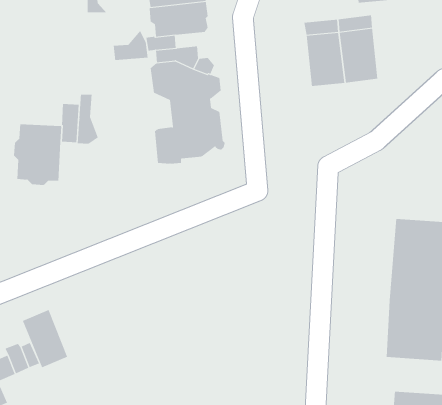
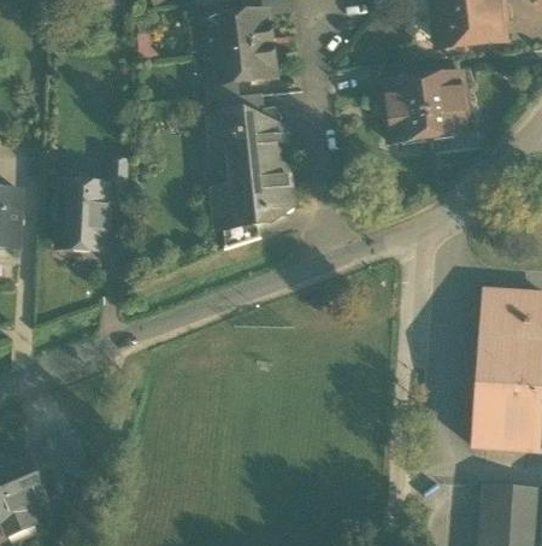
building: [113,30,148,61] -> none
building: [77,94,99,145] -> none
building: [22,309,68,368] -> none

